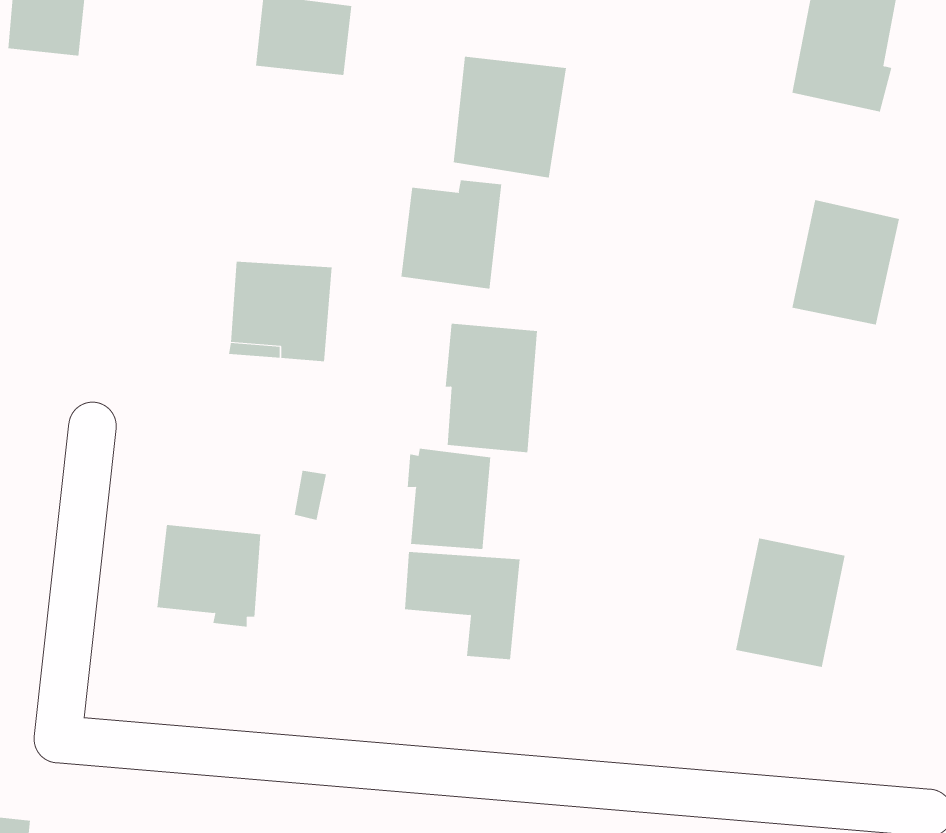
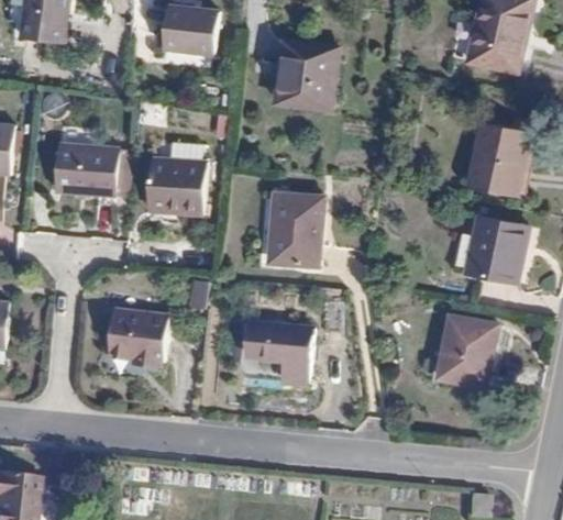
building: [401,179,502,290] -> none
building: none -> [56,145,119,196]
building: none -> [465,217,528,283]
building: [407,448,491,550] -> none

